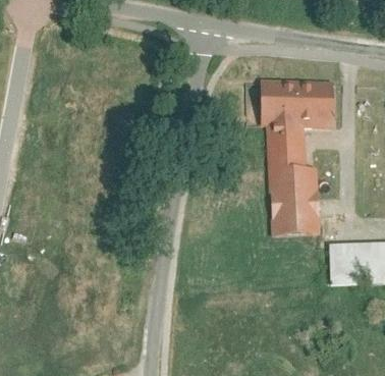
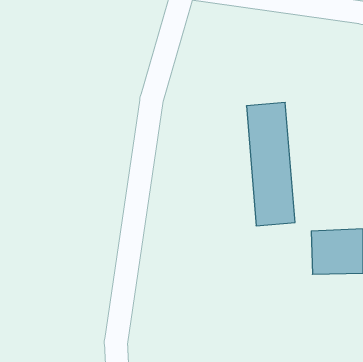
building: [257,80,333,125] -> none

